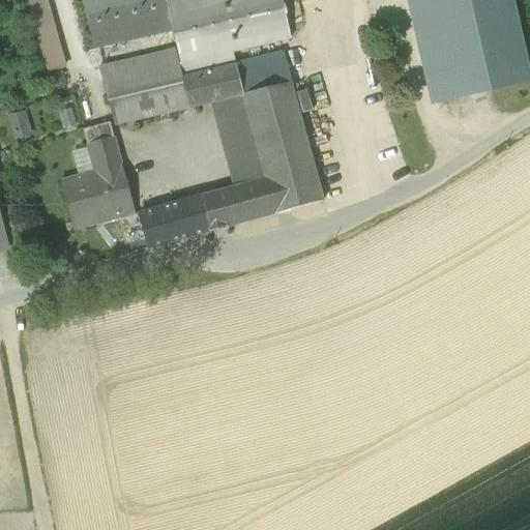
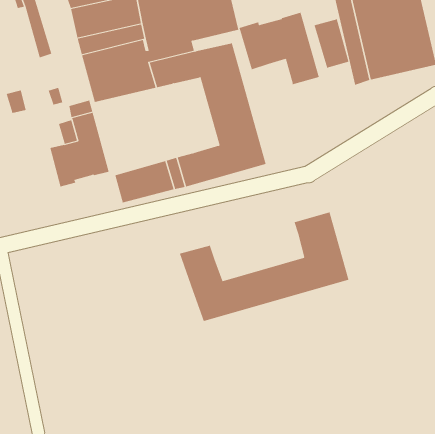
building: none -> [239,12,319,85]
building: none -> [314,19,349,69]
building: [212,94,267,185] -> none
building: none -> [179,212,349,322]

